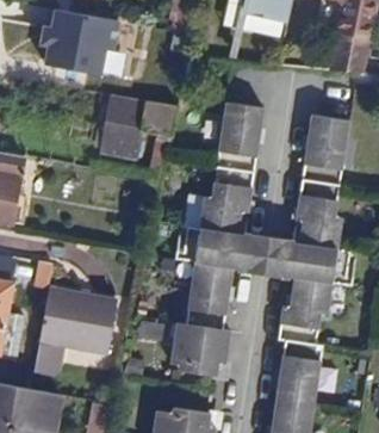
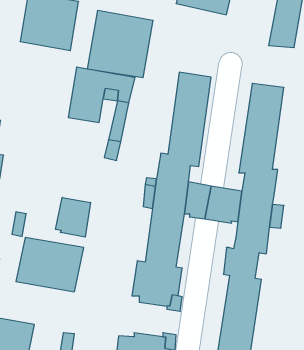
building: none -> [87,10,153,78]
building: none -> [56,197,91,237]

